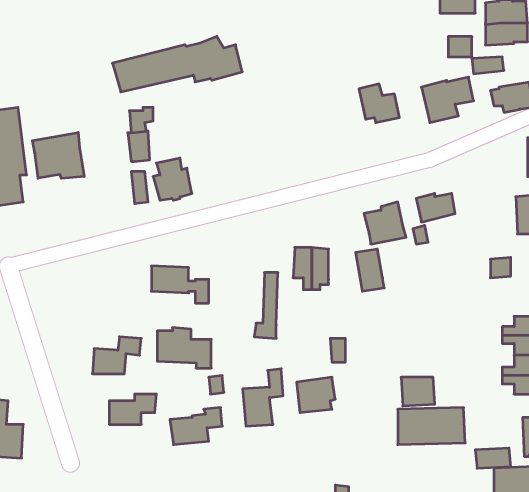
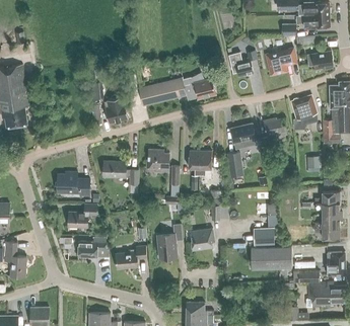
building: [112,36,242,92] -> [138,72,216,105]
building: [32,132,84,178] -> none
building: none -> [291,94,318,129]
building: none -> [148,149,168,171]
building: [157,328,211,368] -> [57,171,89,195]

